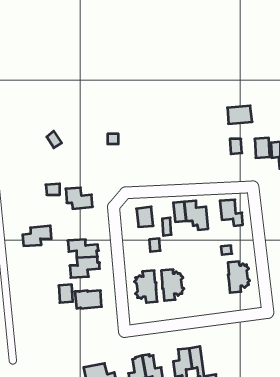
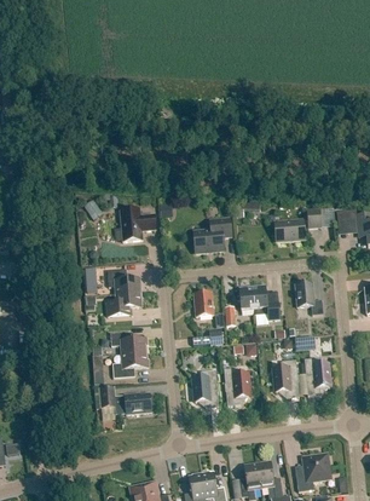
building: [227,106,252,124] -> [274,219,305,241]
building: none -> [120,208,156,241]
building: none -> [193,219,231,252]
building: [23,226,51,246] -> [106,292,141,316]
building: none -> [271,359,299,398]
building: none -> [295,454,330,491]

